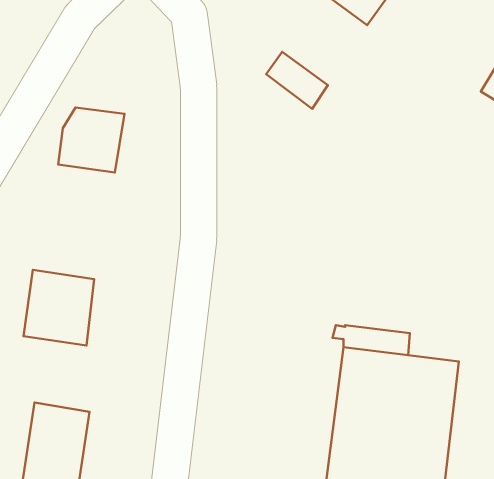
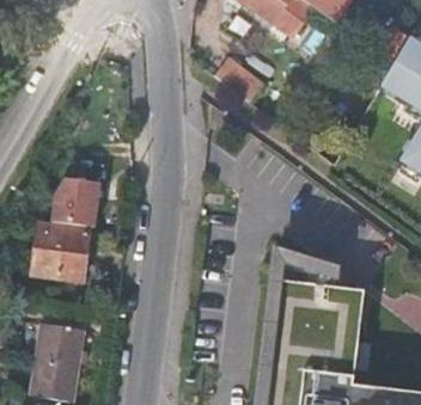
building: [58,108,124,172] -> [53,179,103,228]

